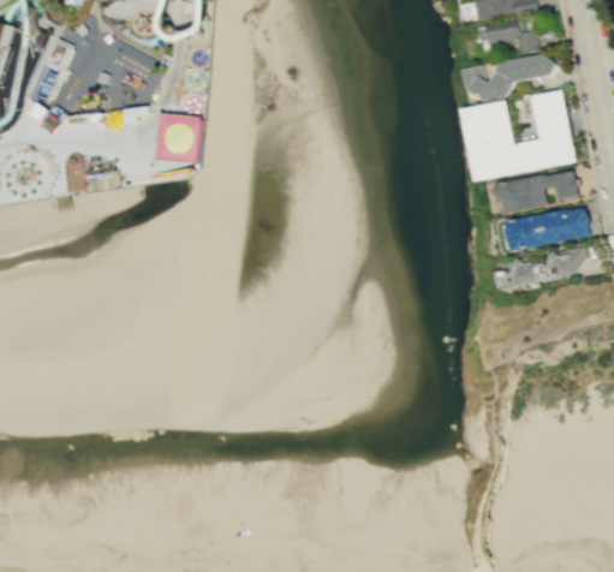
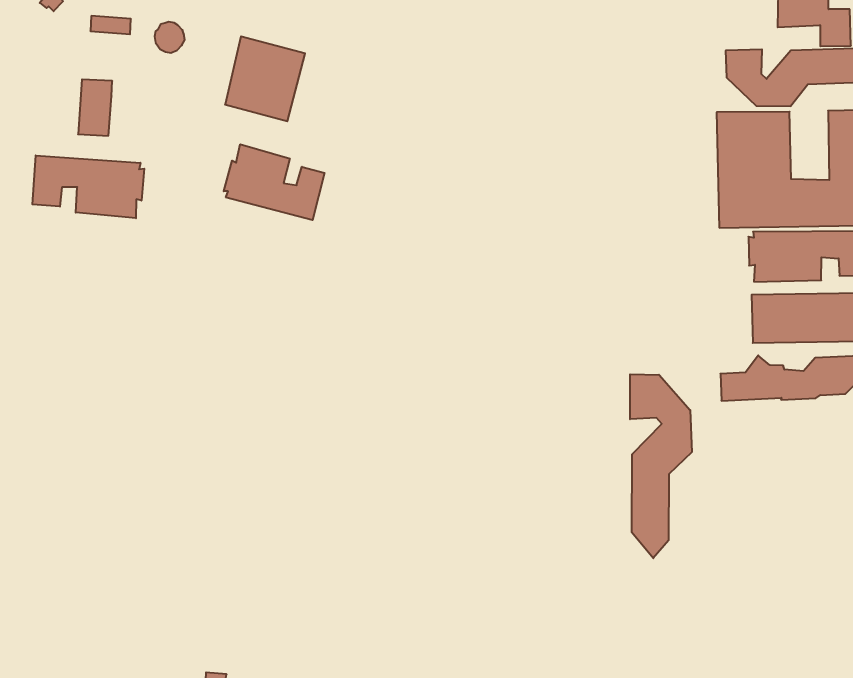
building: none -> [224,144,325,220]
building: none -> [32,155,144,218]
building: none -> [630,374,692,558]

